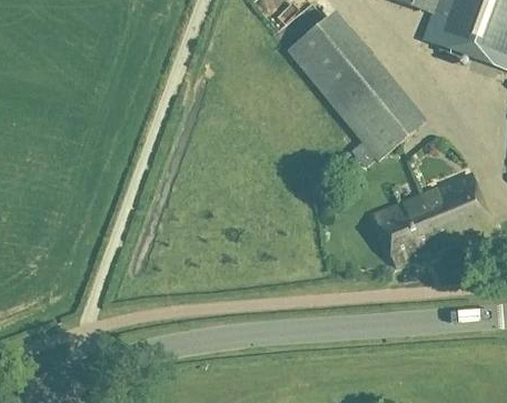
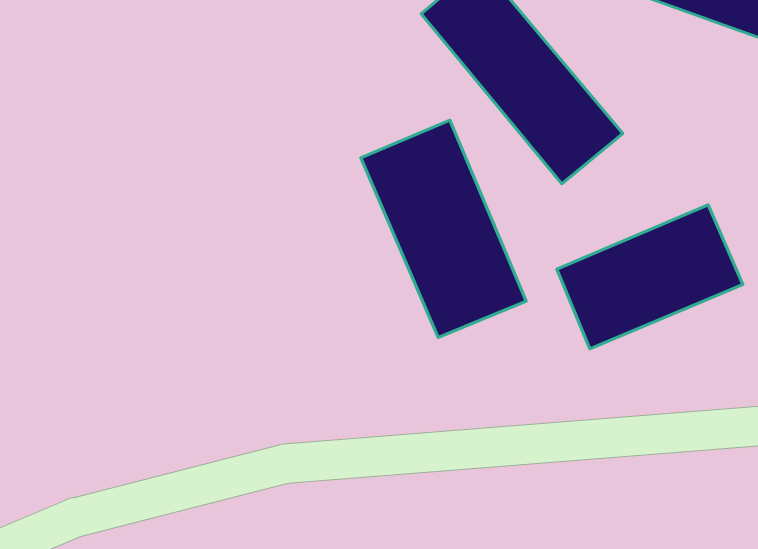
building: none -> [361,120,526,337]

